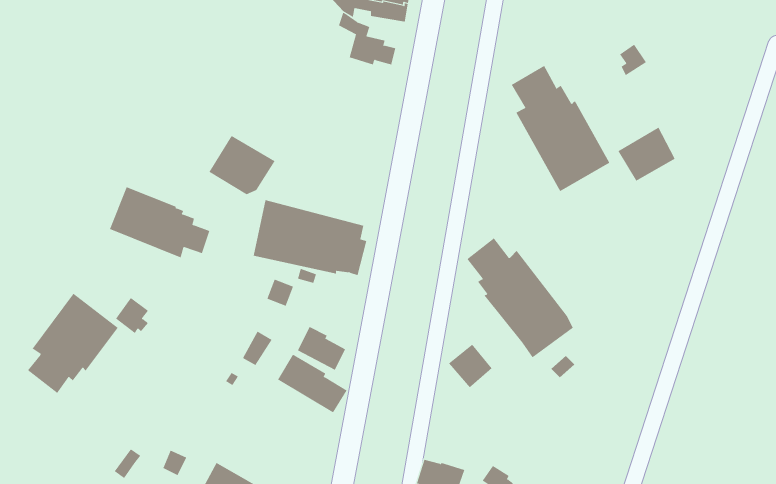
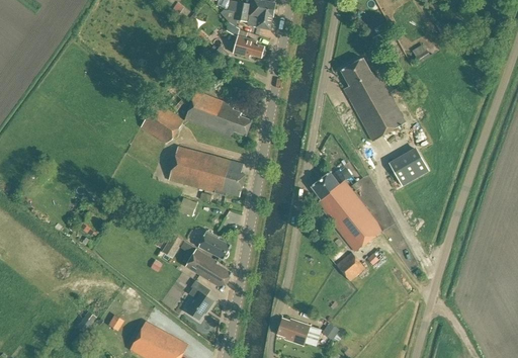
building: [617,127,676,182] -> [390,149,428,185]
building: [109,186,210,258] -> [184,90,251,138]
building: [27,293,119,394] -> none
building: [448,344,492,388] -> [335,251,364,280]
building: none -> [187,279,213,319]

